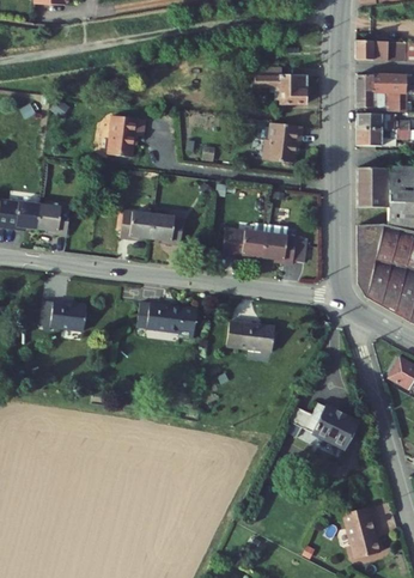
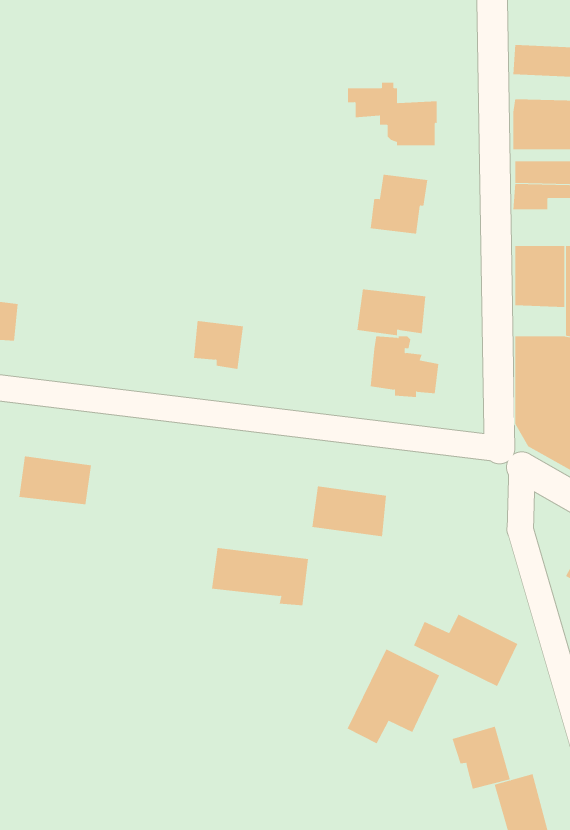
building: [110,115,147,157] -> none
building: [38,205,71,237] -> none
building: [121,212,154,241] -> none
building: [223,229,267,258] -> [357,289,426,336]
building: [136,303,199,340] -> [211,548,309,606]
building: none -> [347,648,440,744]
building: none -> [452,726,510,790]

